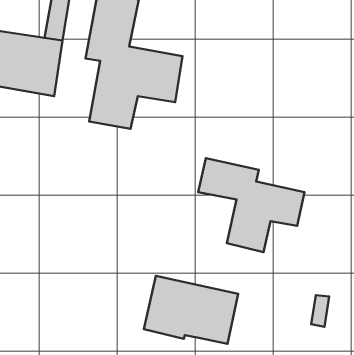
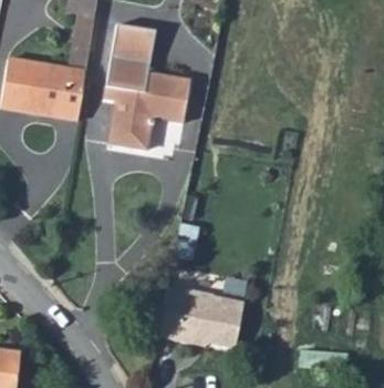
building: [198,158,305,252] -> none

